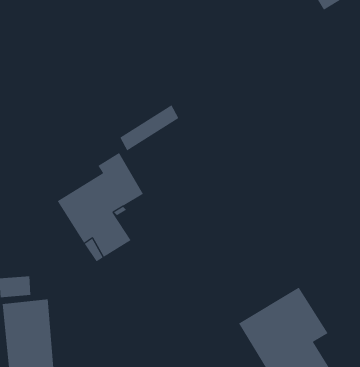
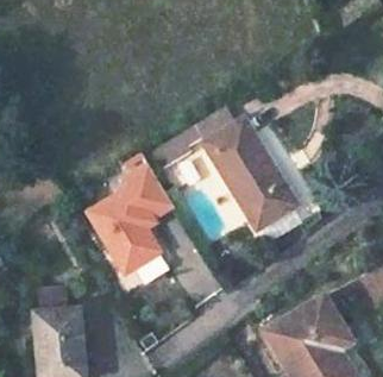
building: none -> [205,118,296,228]

